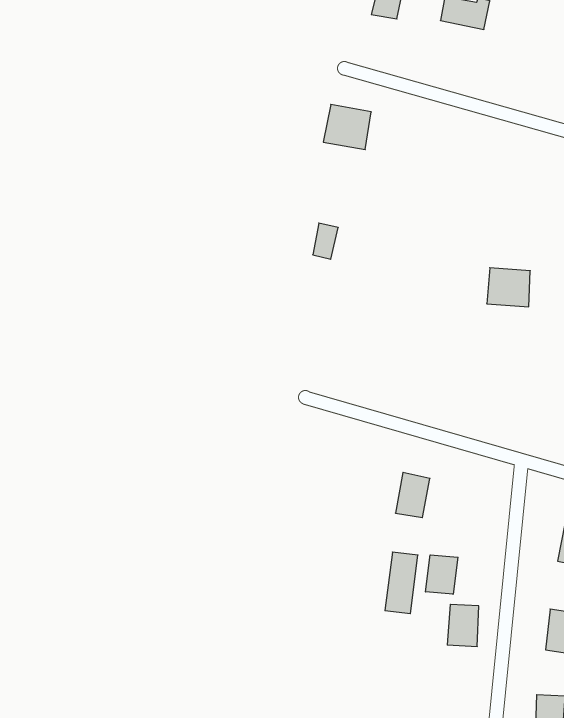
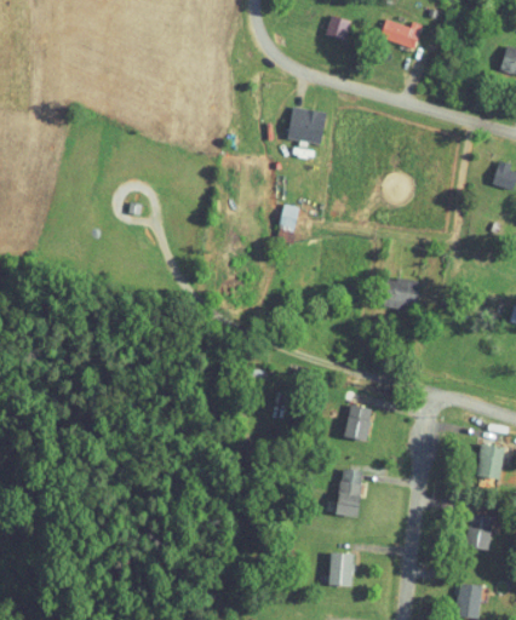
building: [487,268,530,307] -> [383,279,418,310]
building: [426,555,458,594] -> none
building: [447,604,479,646] -> [328,553,354,587]

